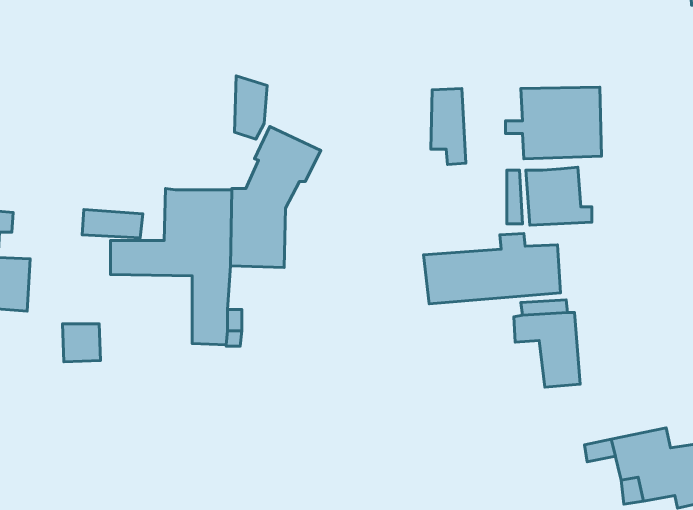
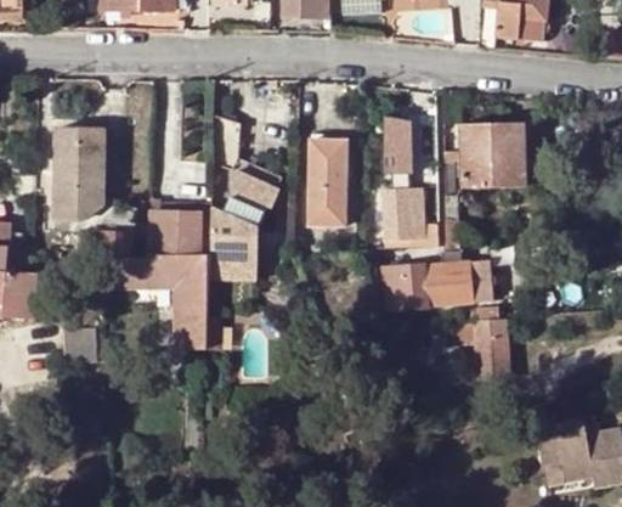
building: none -> [55,129,104,221]
building: none -> [306,147,345,227]
building: [526,167,592,225] -> [381,190,439,240]

